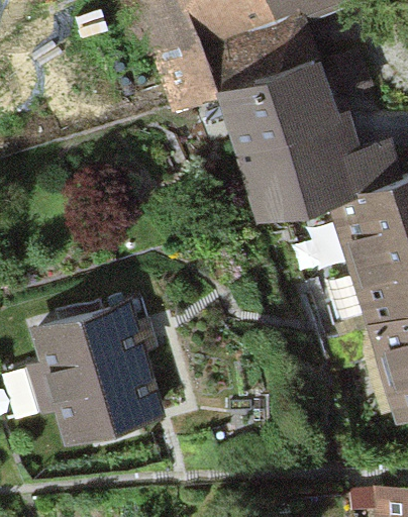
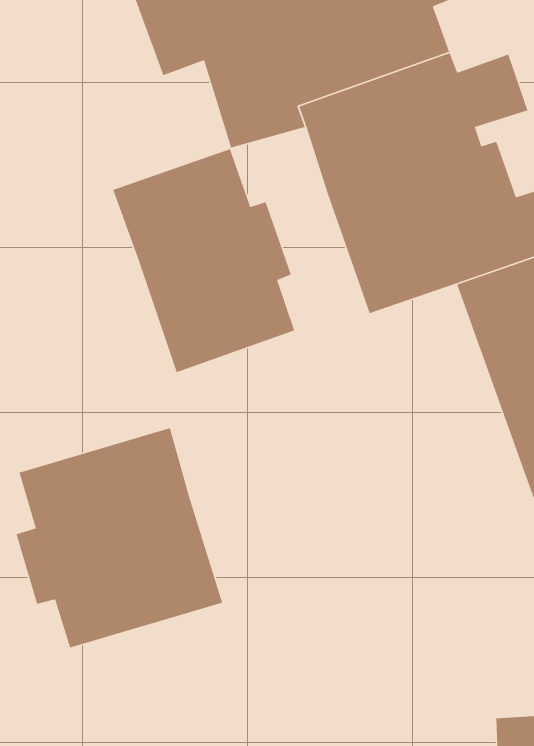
building: none -> [112,148,295,373]

